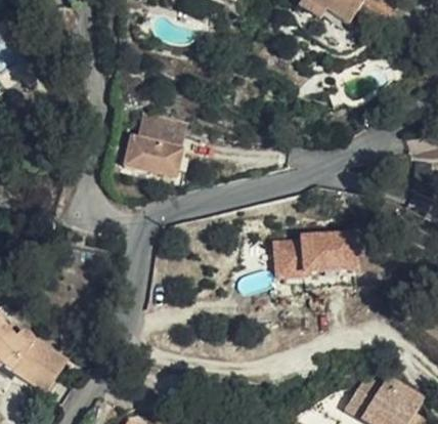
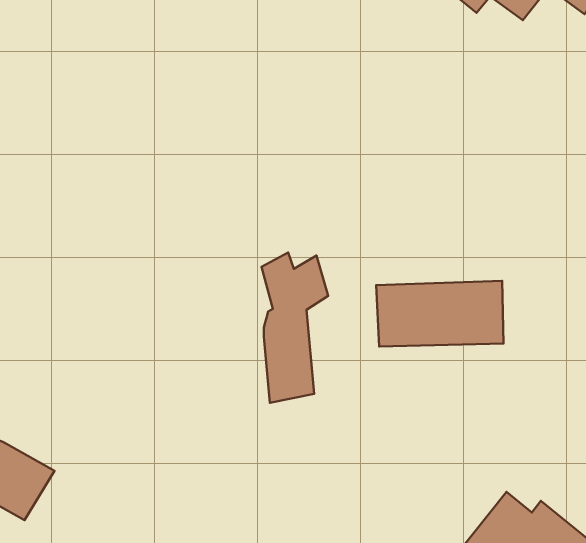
building: [127,130,178,162] -> none
building: none -> [261,252,328,403]

